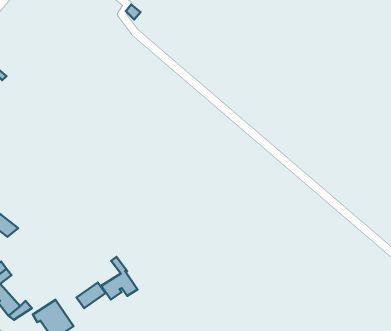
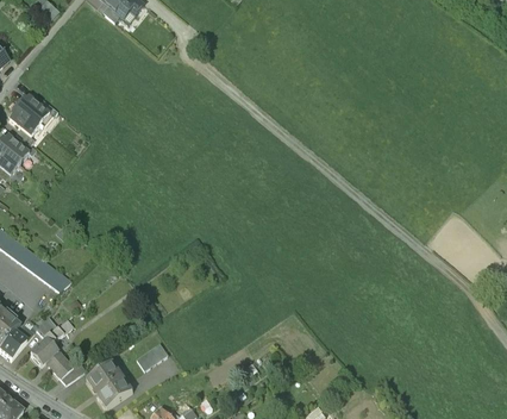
building: [101,257,138,300] -> none

